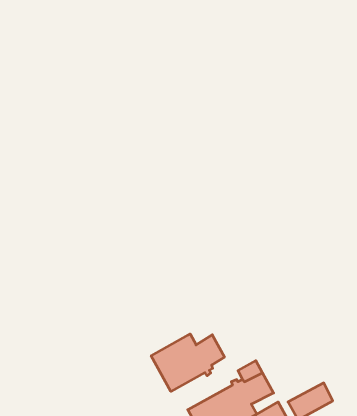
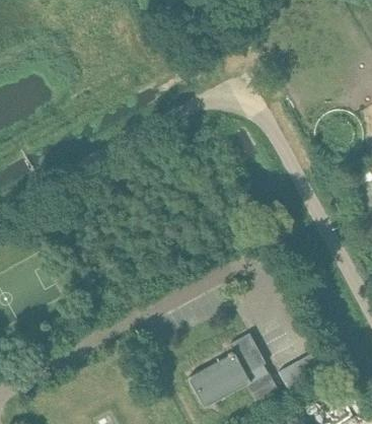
building: [151,334,224,391] -> none

